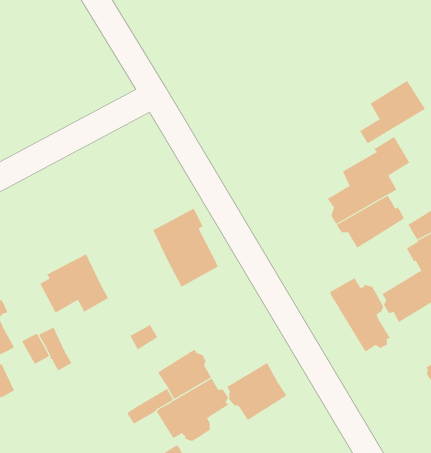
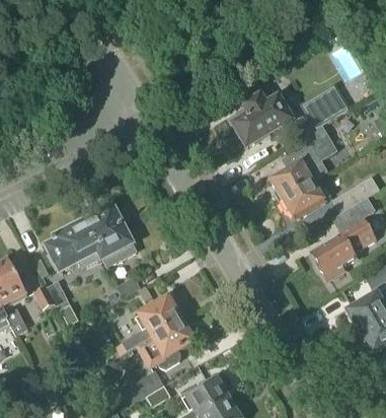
building: none -> [233,94,292,146]
building: [152,208,219,287] -> [84,205,136,267]
building: [329,278,391,353] -> none
building: [226,362,287,421] -> none

